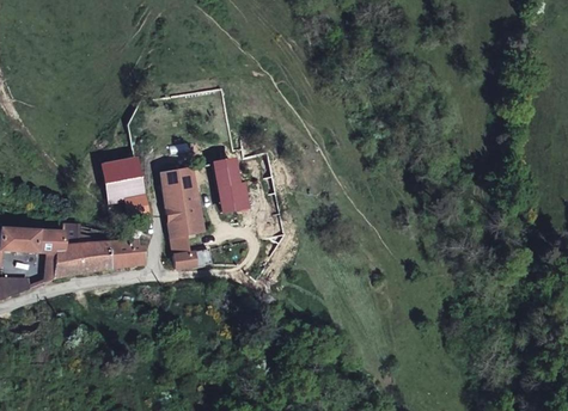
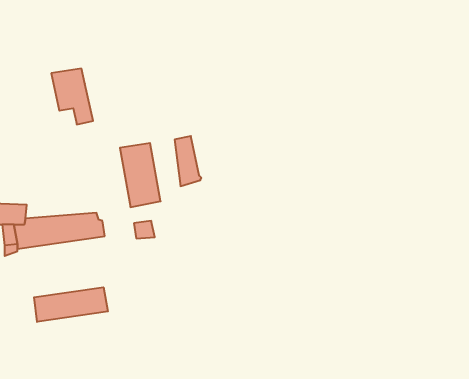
building: [104,157,147,214] -> [51,69,93,124]
building: none -> [34,287,108,322]

